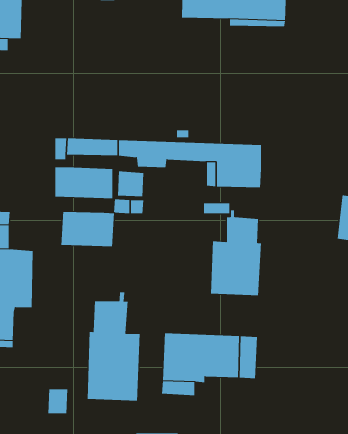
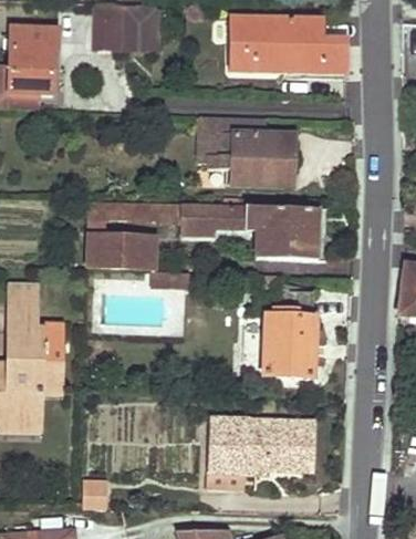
building: none -> [197,114,292,188]
building: [61,211,115,247] -> none
building: [87,291,140,401] -> none

